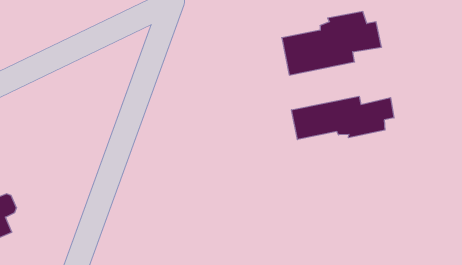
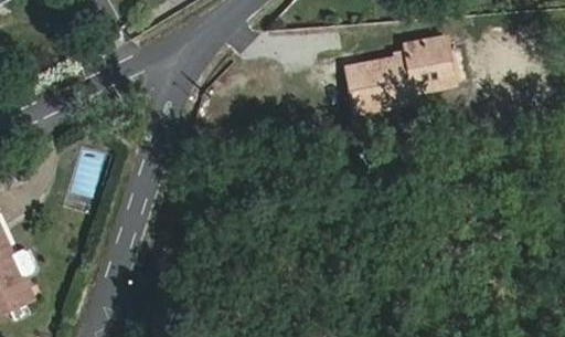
building: [292,96,394,140] -> none

